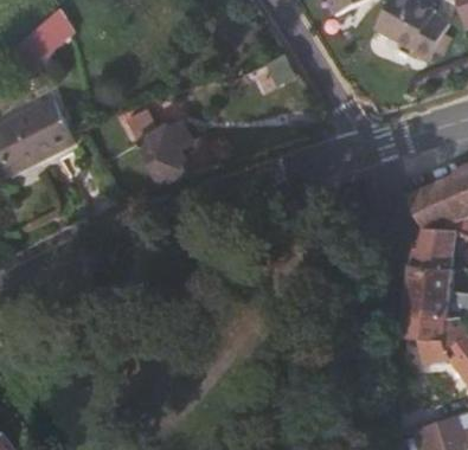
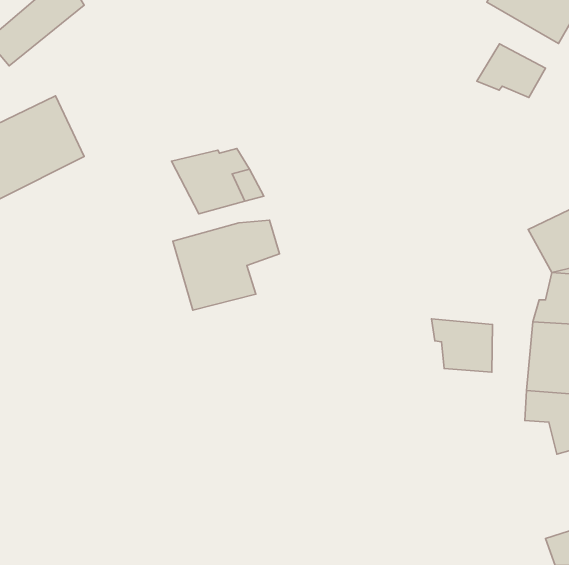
building: none -> [477,44,546,98]
building: none -> [173,220,279,310]
building: none -> [432,319,492,372]

